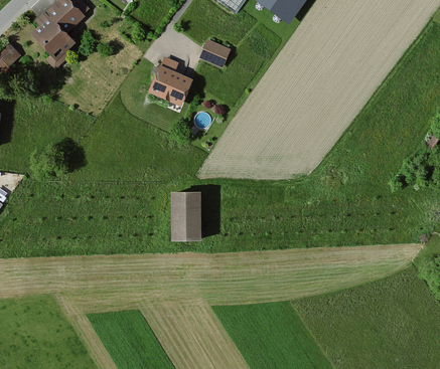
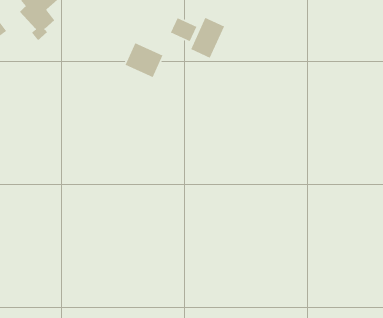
building: none -> [190,17,225,59]
building: [172,186,201,231] -> none

